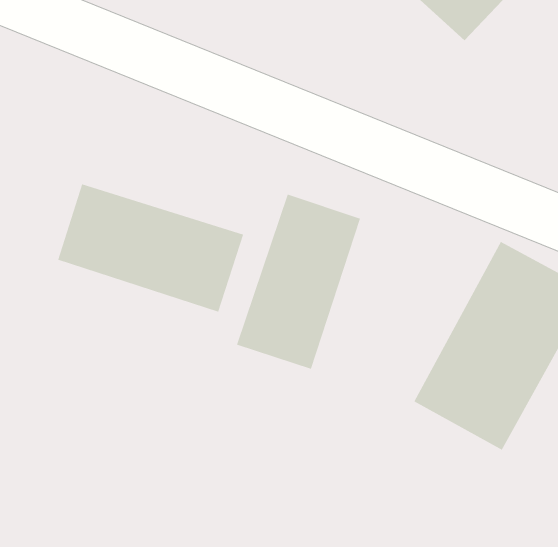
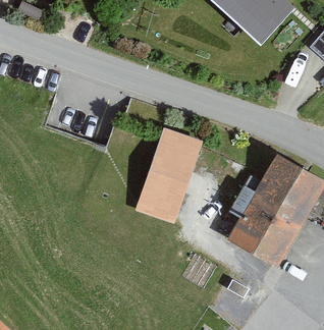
building: [58,184,244,312] -> none

